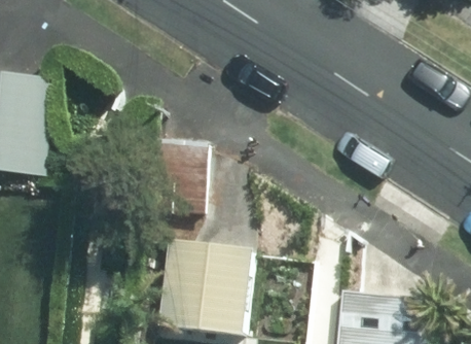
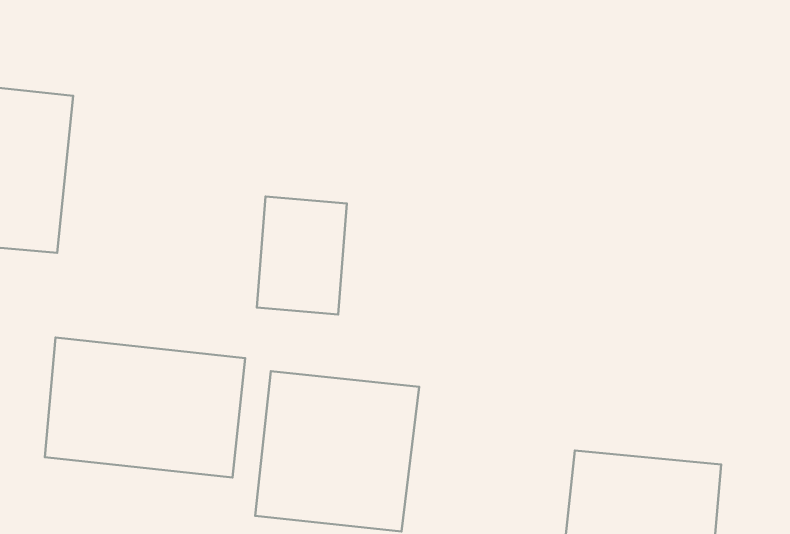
building: none -> [45,338,245,477]

